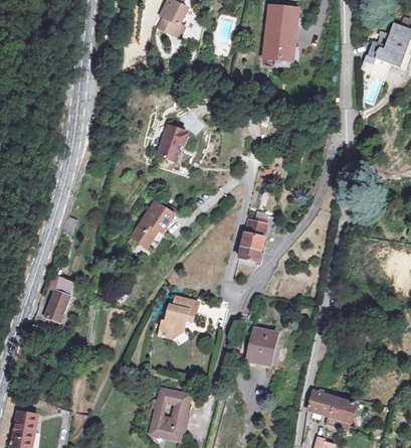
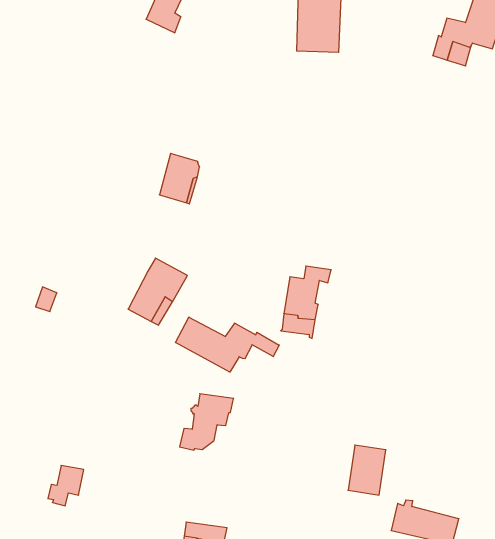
building: none -> [176,317,279,372]
building: [41,292,68,321] -> [48,465,84,506]
building: [246,329,275,366] -> [348,445,386,495]

